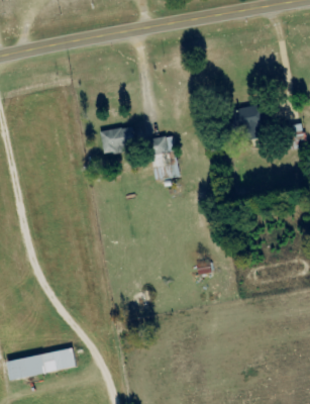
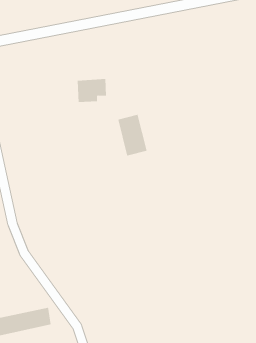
building: [231,106,261,140] -> none
building: [102,127,135,154] -> [77,79,107,102]

